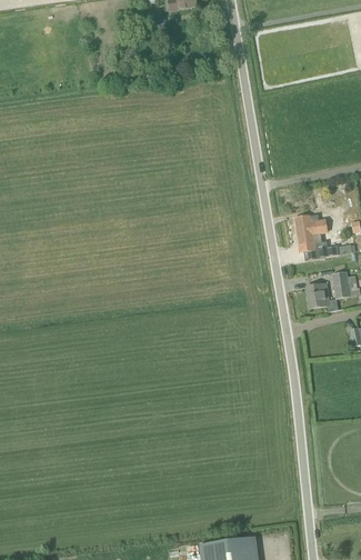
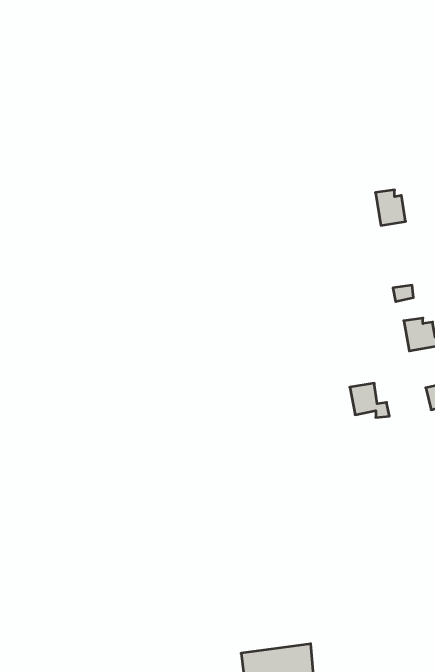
building: [294,214,319,243] -> [375,190,406,225]
building: [305,282,338,310] -> [350,383,389,417]

